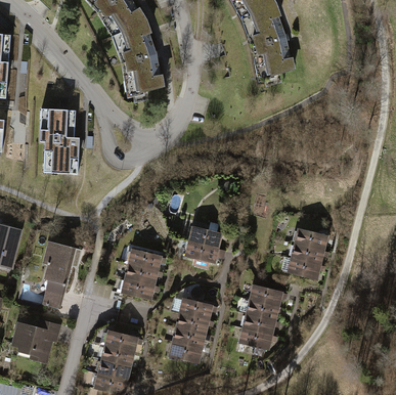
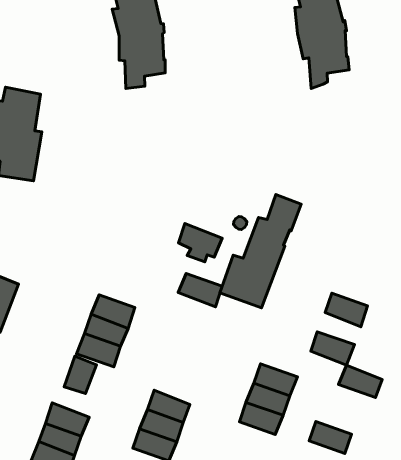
building: none -> [220,194,301,308]
building: [186,240,217,266] -> [178,224,222,262]
building: [292,243,322,263] -> [338,365,382,397]
building: none -> [64,356,97,394]
building: [180,298,211,319] -> none
building: [240,327,270,348] -> [309,421,352,454]

